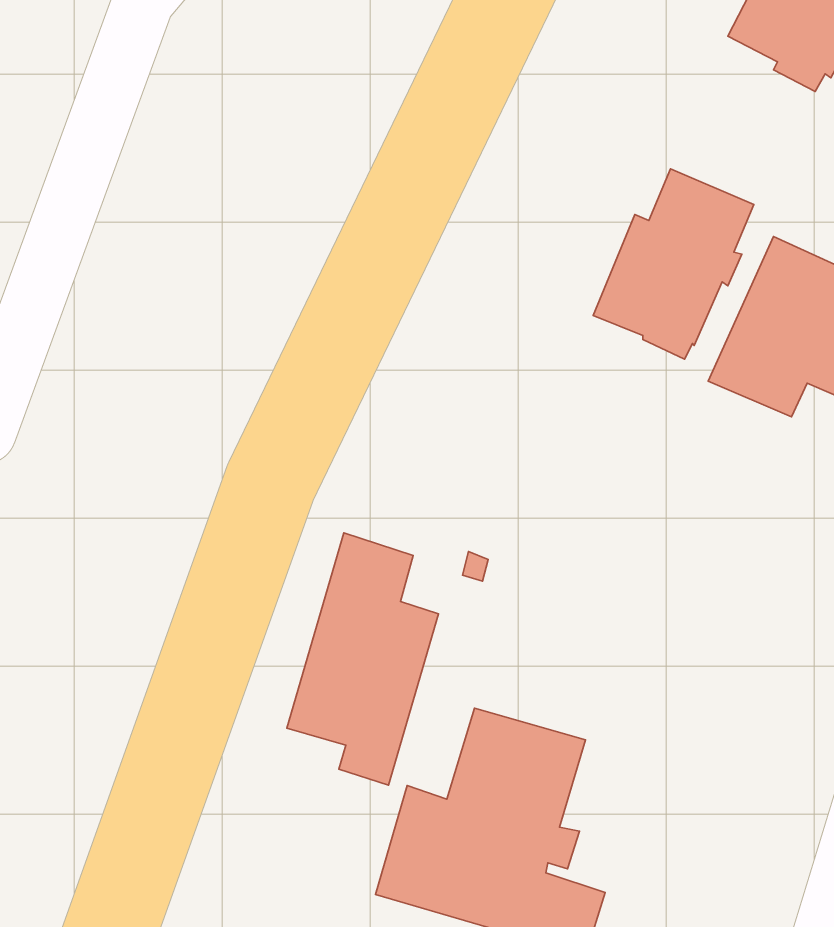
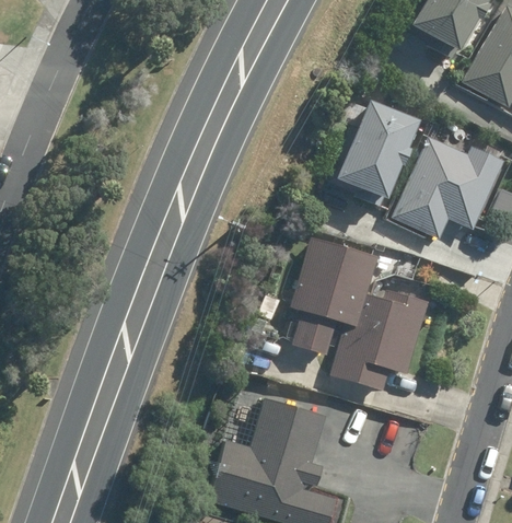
building: none -> [292,237,427,390]
building: [287,533,439,785] -> none

